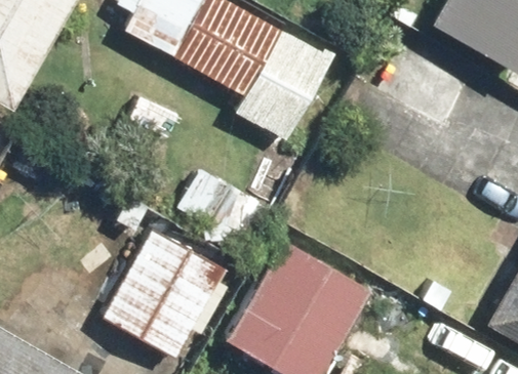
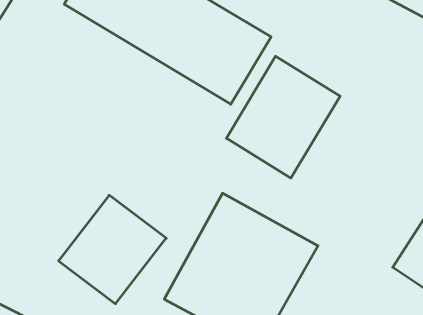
building: none -> [226,56,340,178]

